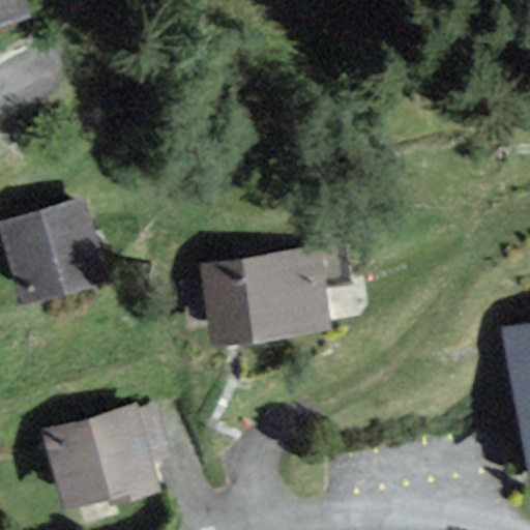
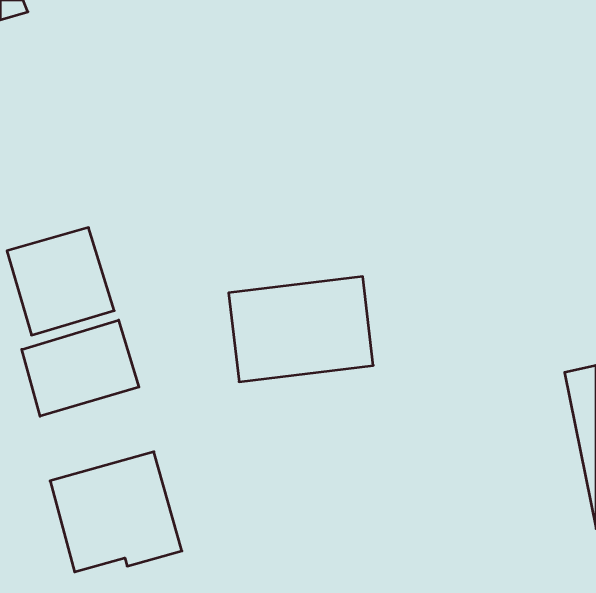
building: none -> [22,320,139,416]

